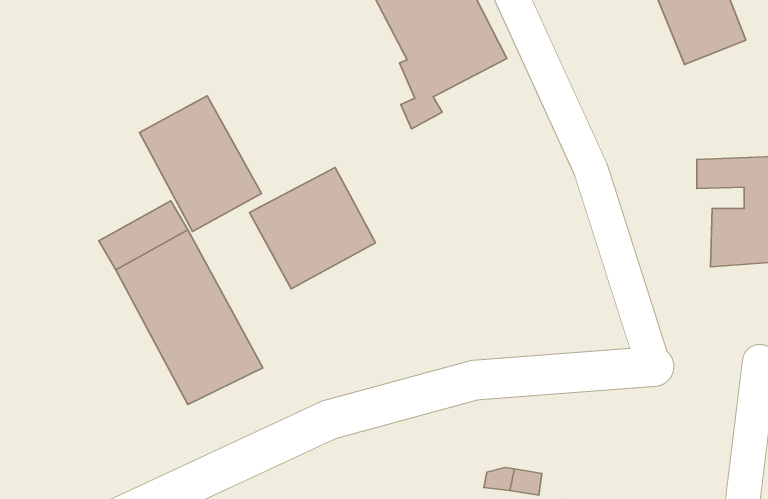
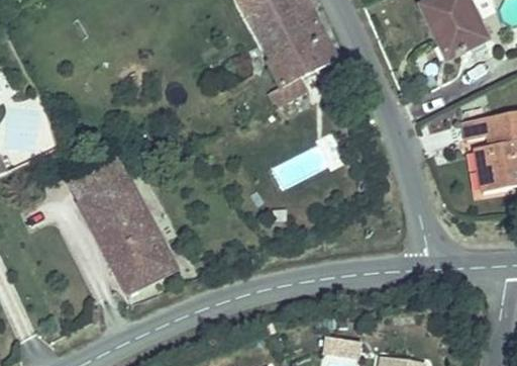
building: [140,96,261,232] -> none
building: [249,168,375,289] -> none

